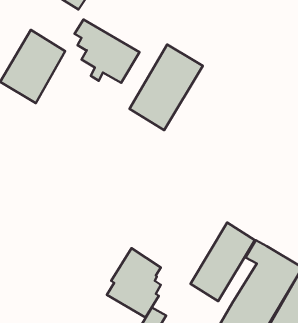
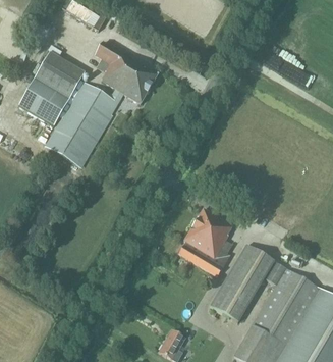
building: [129,44,203,130] -> [46,81,119,166]
building: [107,248,161,317] -> [179,207,233,276]

